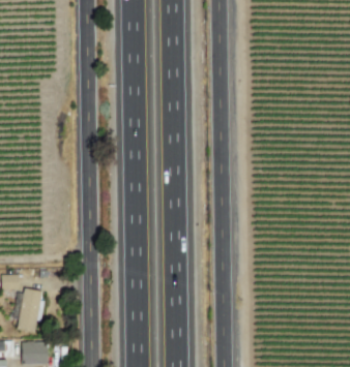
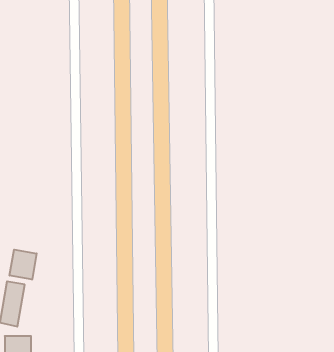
building: none -> [10,250,37,280]

